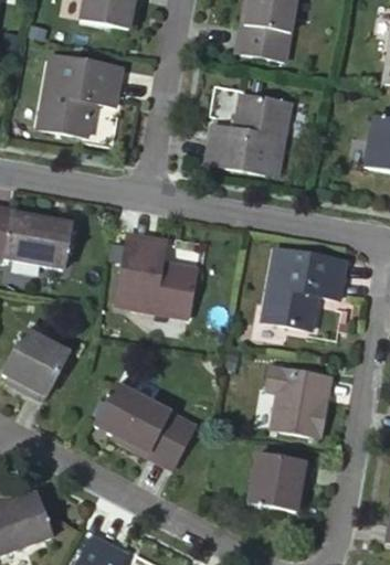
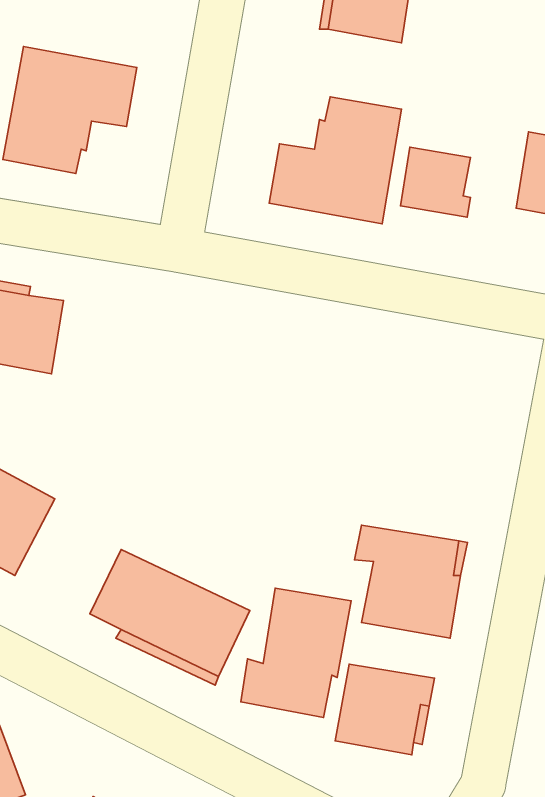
building: none -> [400,147,471,217]
building: [116,233,197,318] -> none
building: [262,248,347,329] -> none
building: none -> [241,588,351,718]

